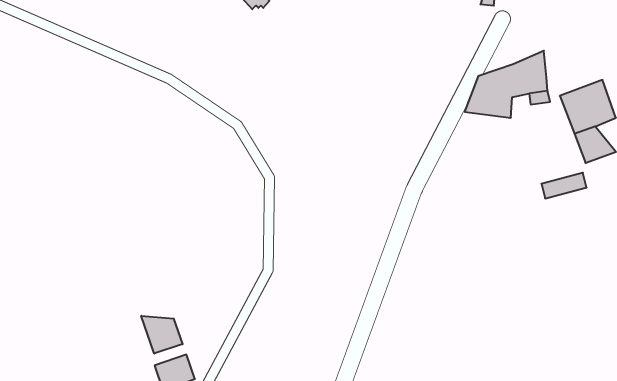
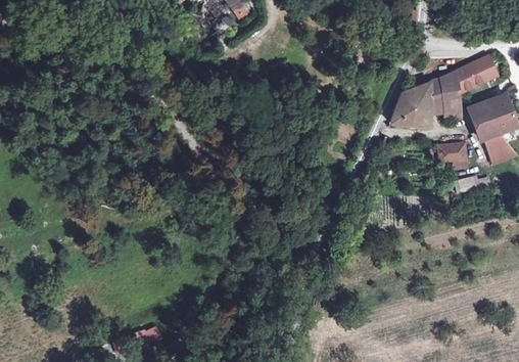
building: none -> [457,55,498,92]
building: none -> [439,143,466,162]
building: [141,316,183,354] -> none

